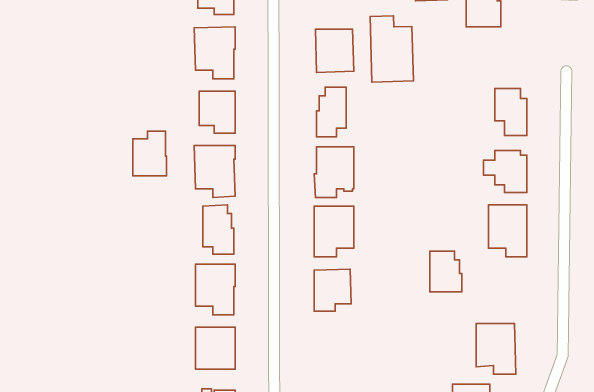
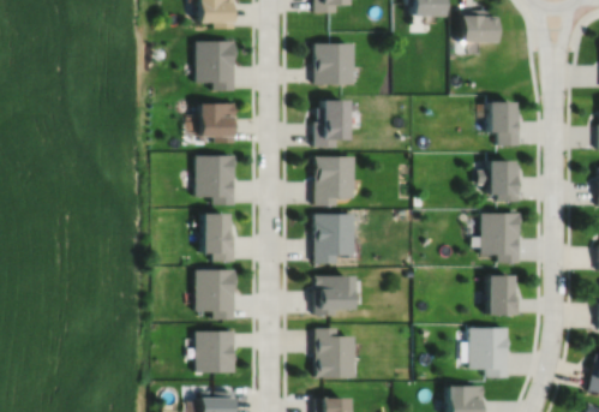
building: [370,16,413,82] -> none
building: [133,131,167,176] -> none
building: [430,251,462,292] -> [489,275,520,315]
building: none -> [313,328,352,378]

